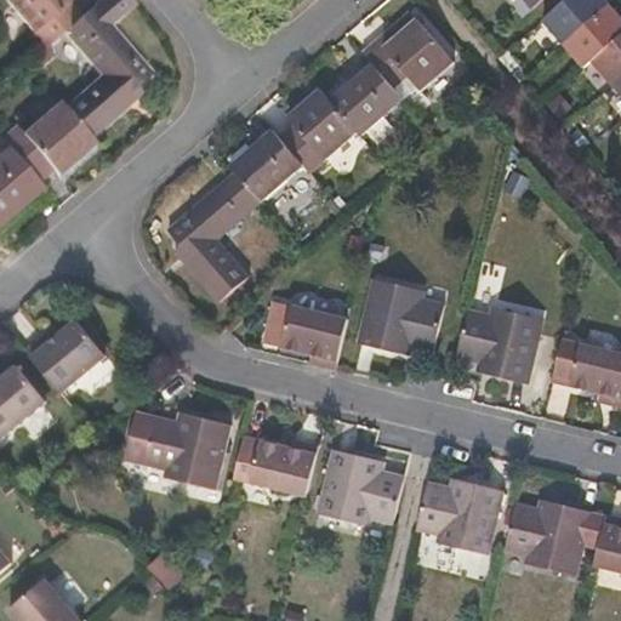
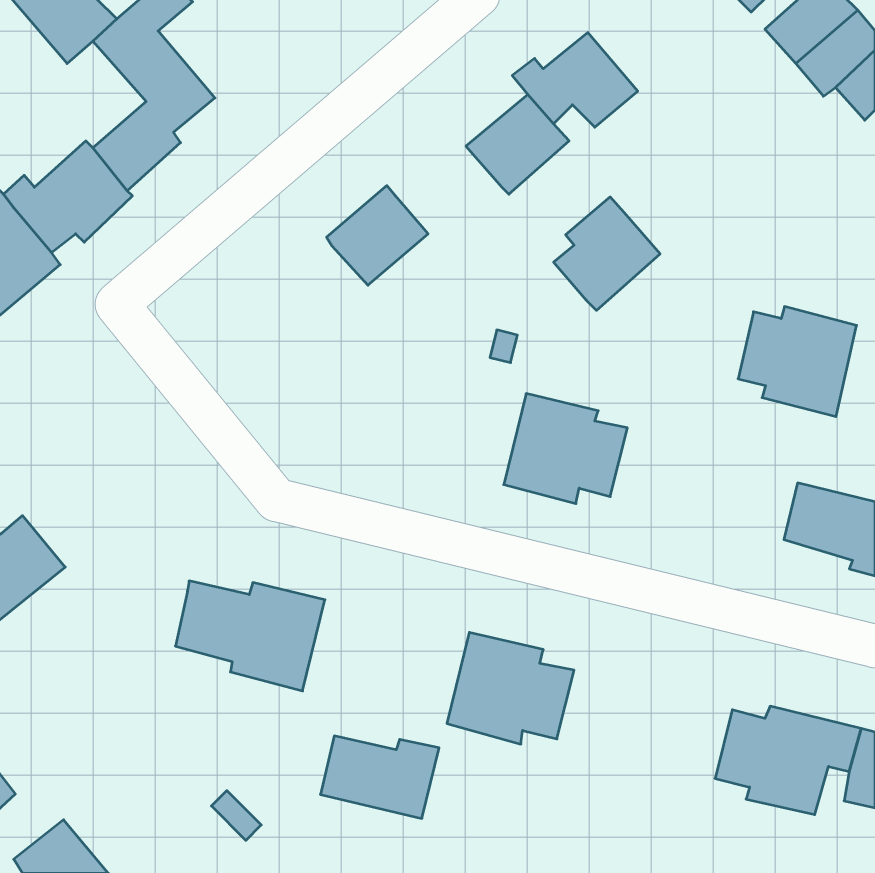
building: [279,92,354,172] -> [554,197,660,310]
building: [169,173,260,301] -> none
building: [266,301,347,369] -> none
building: [457,306,541,383] -> [738,307,857,417]
building: [27,313,106,392] -> none
building: [234,435,318,494] -> [320,736,439,818]
building: [417,477,502,553] -> none

